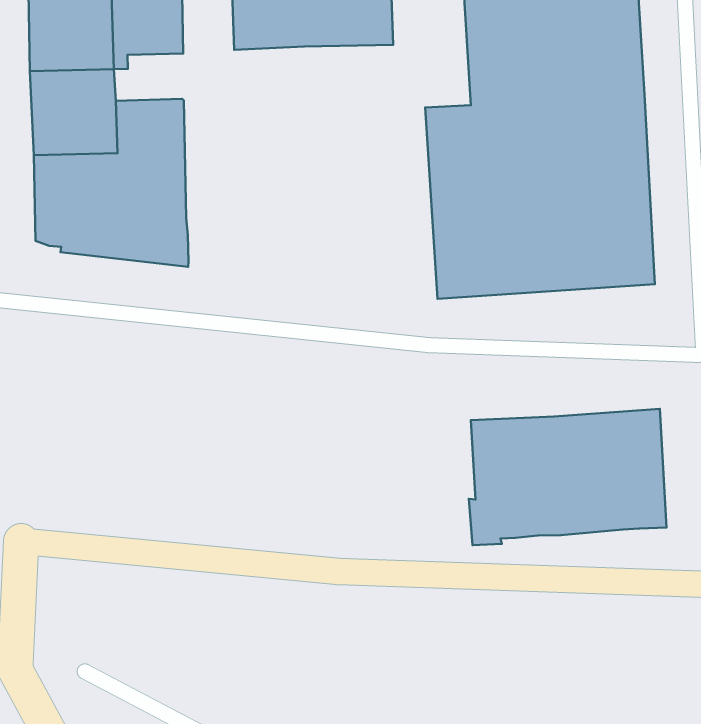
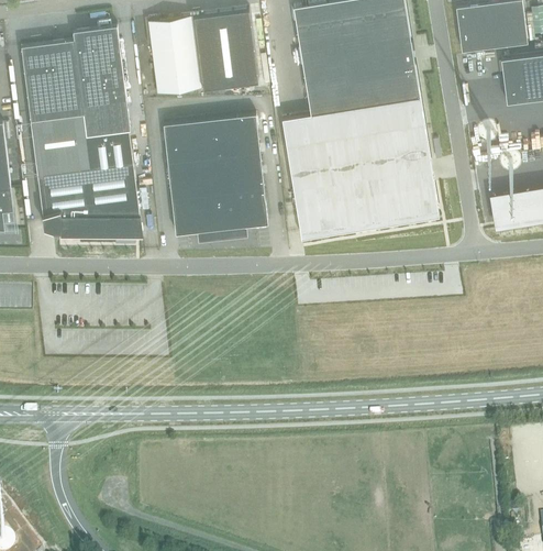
building: none -> [84,102,131,136]
building: none -> [164,117,268,236]
building: [469,409,667,545] -> none

